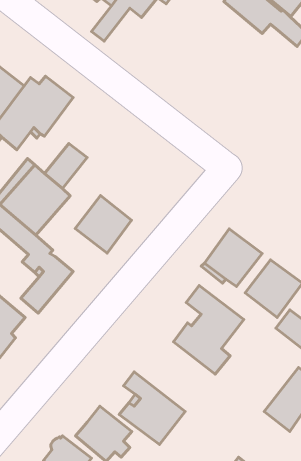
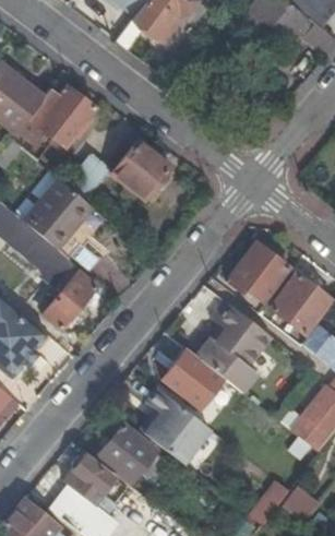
building: [75,195,132,253] -> [112,141,170,200]
building: none -> [163,352,223,409]

